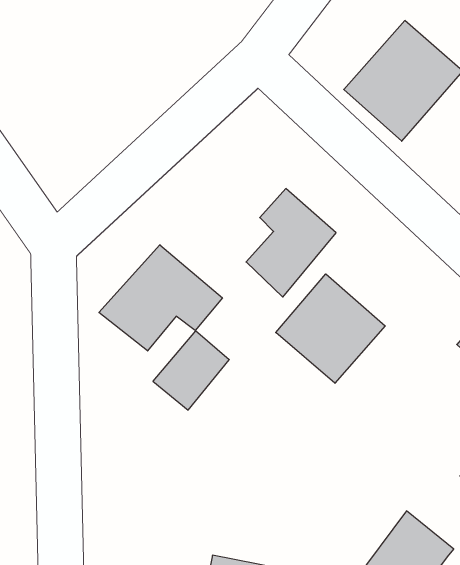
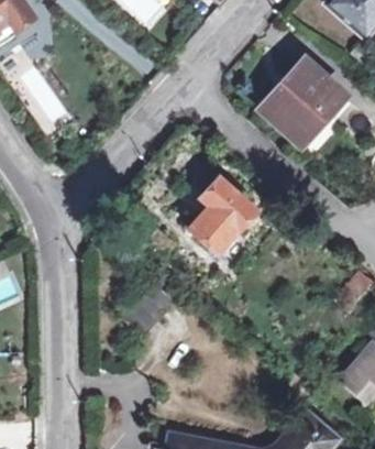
building: [99,245,222,351] -> none
building: [276,274,385,383] -> none

